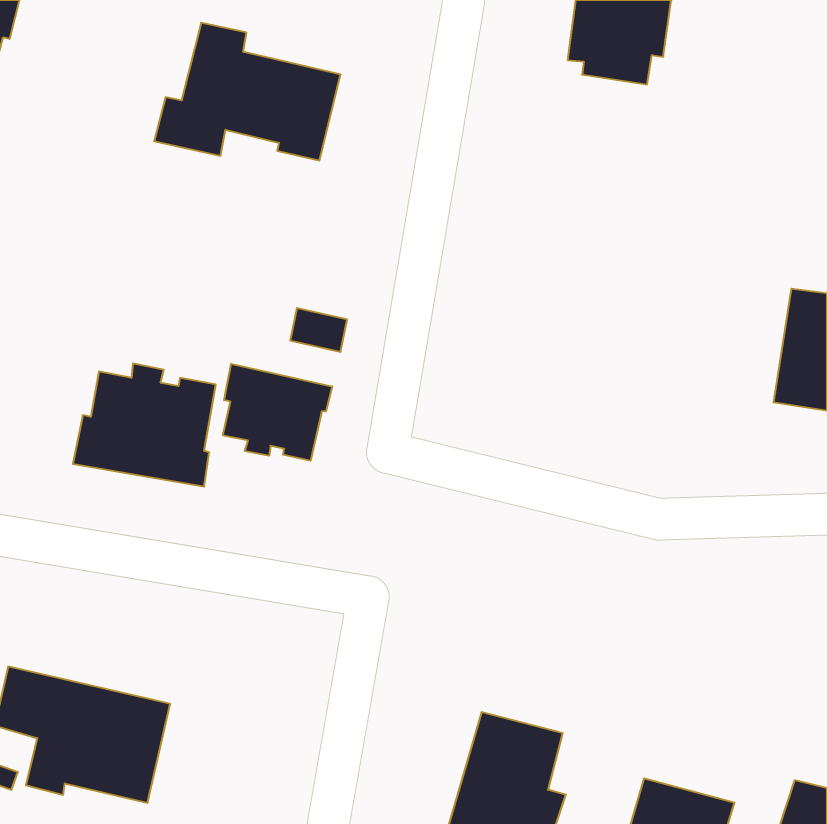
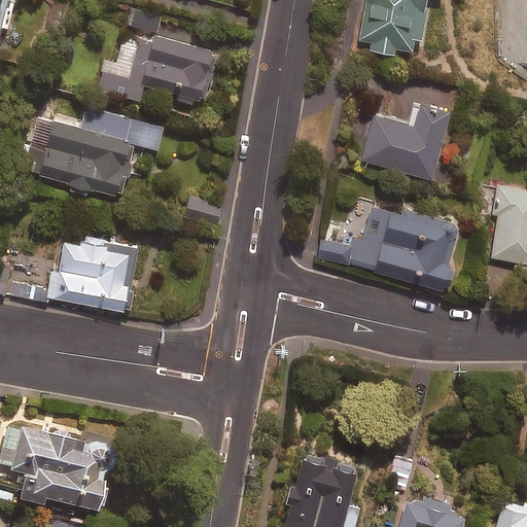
building: none -> [360,97,455,181]
building: none -> [24,108,163,196]
building: none -> [316,204,459,290]
building: [223,364,332,461] -> none

